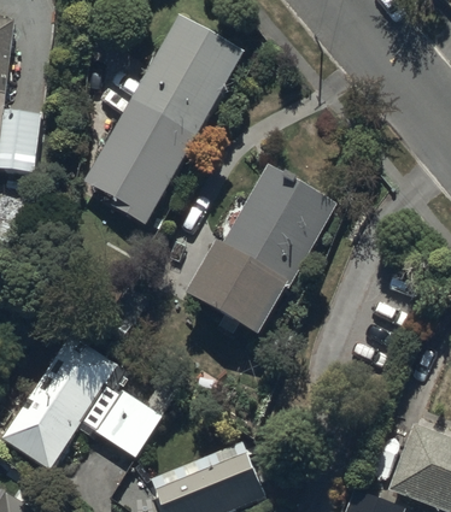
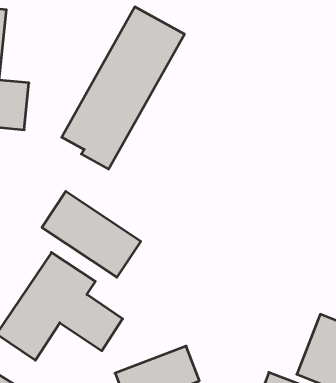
building: [186,165,333,337] -> none
building: none -> [42,191,141,277]

